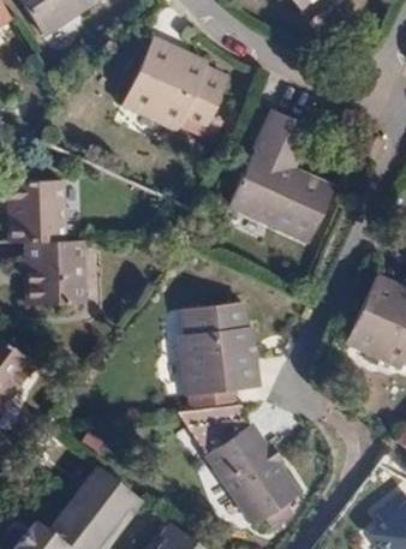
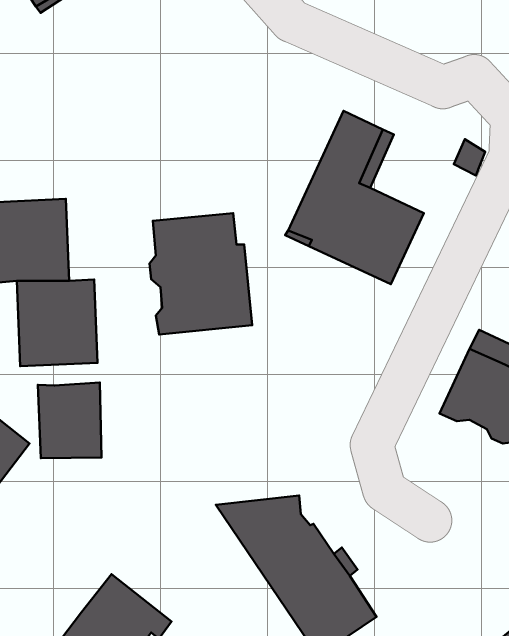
building: [124,38,229,135] -> none
building: [180,303,258,395] -> [150,213,252,334]
building: none -> [38,383,101,458]

